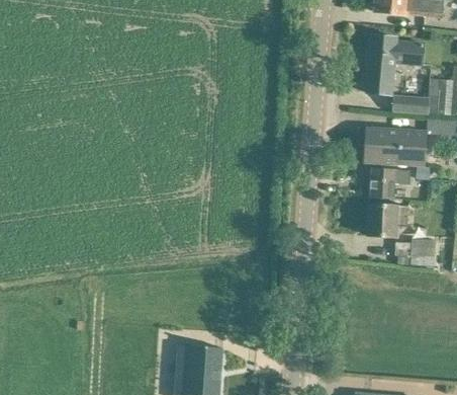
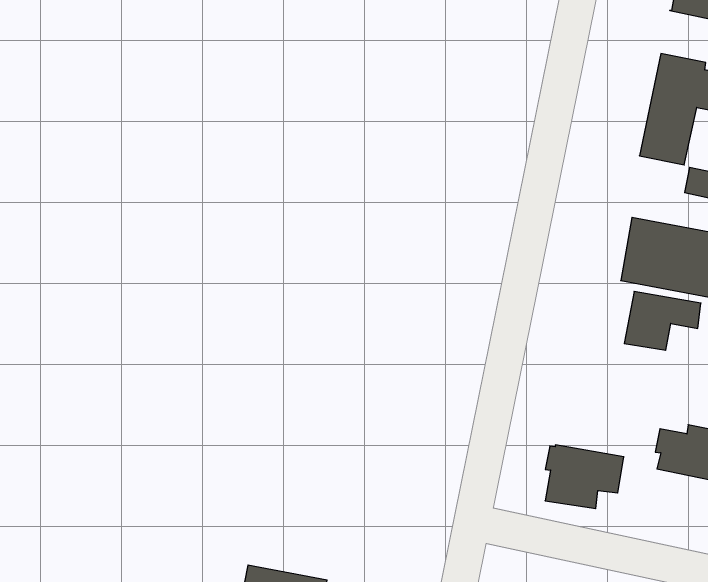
building: [365,204,407,236] -> [545,445,624,509]

